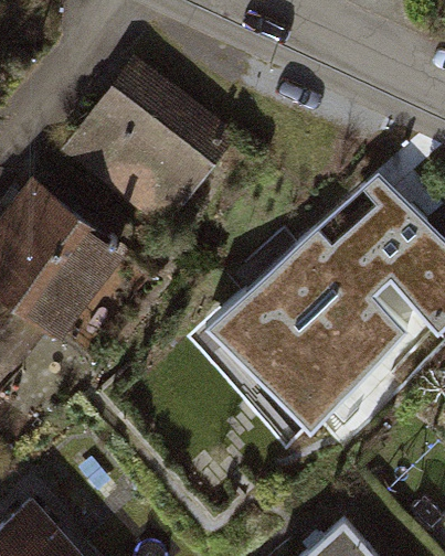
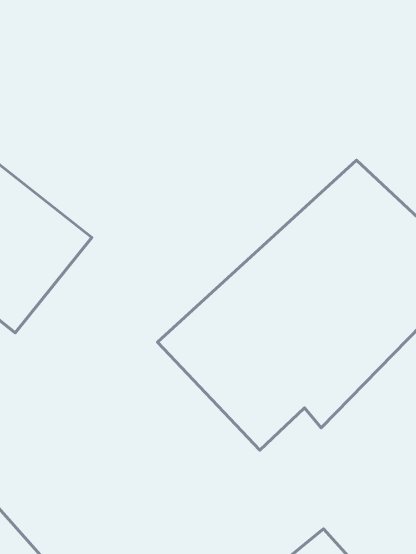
building: [60,56,236,229] -> none

